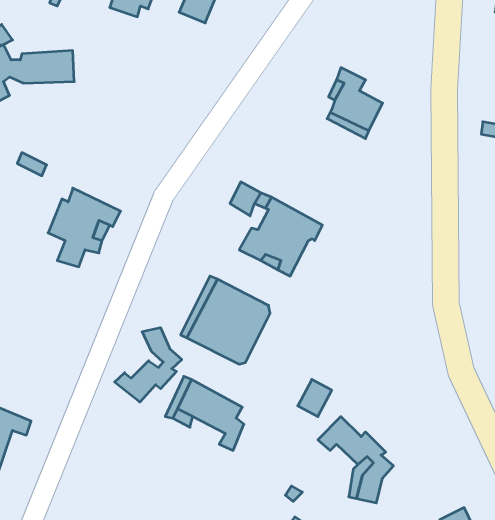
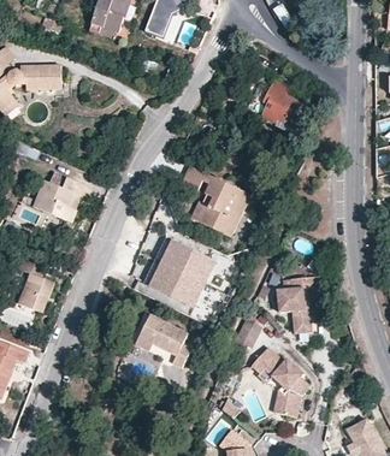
building: none -> [16,257,52,310]
building: none -> [276,277,314,332]
building: [115,328,182,402] -> none

